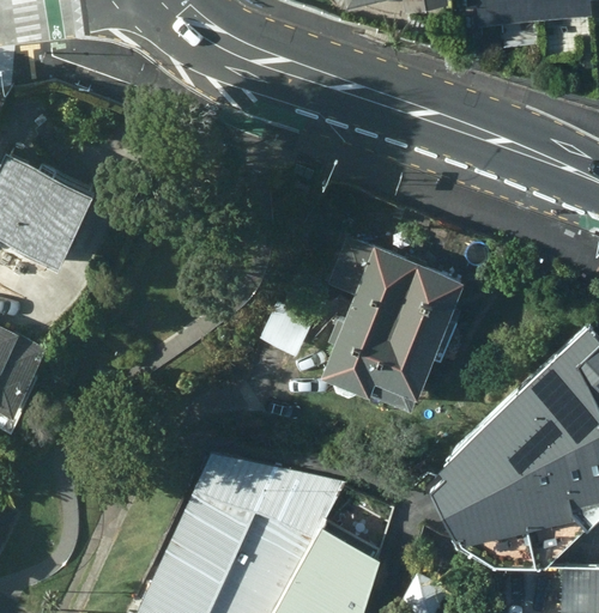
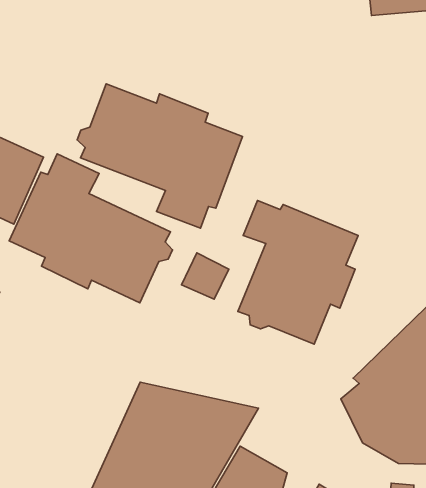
building: none -> [77,84,243,228]
building: none -> [9,154,172,303]

